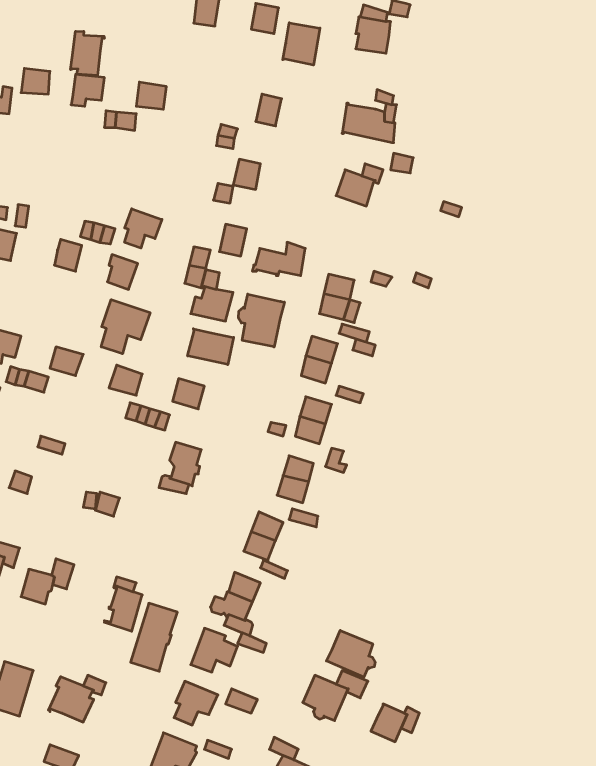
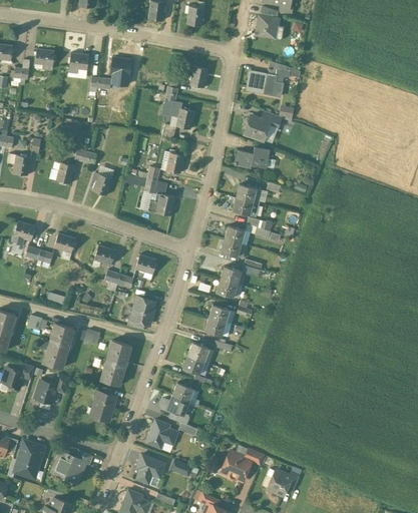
building: [283,23,320,65] -> none
building: [71,31,104,75] -> none
building: [125,209,162,248] -> none
building: [252,242,305,276] -> [234,146,269,168]
building: [239,294,284,347] -> none
building: [101,300,150,354] -> none
building: [188,329,234,365] -> none
building: none -> [43,323,74,368]
building: [131,603,177,671] -> [100,340,131,385]
building: [326,630,375,677] -> none

